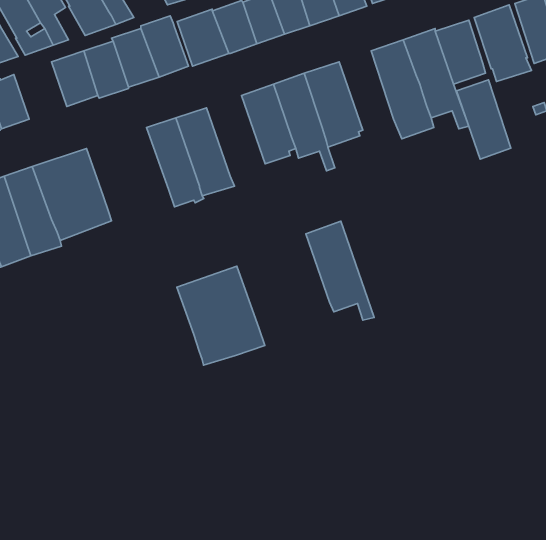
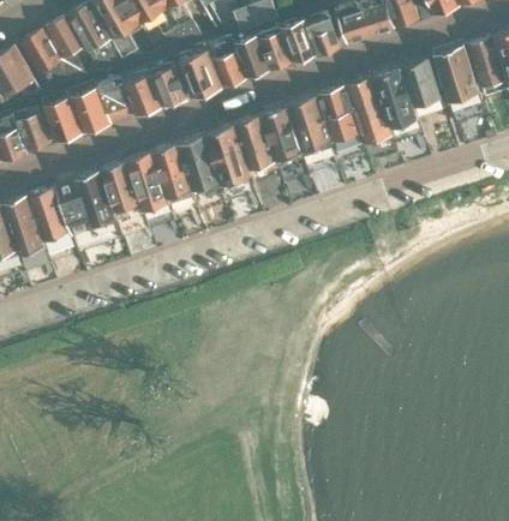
building: none -> [43,95,83,143]
building: [457,80,511,159] -> [317,85,364,154]
building: [306,221,374,320] -> [203,124,262,209]
building: [177,266,265,365] -> [100,151,175,236]

